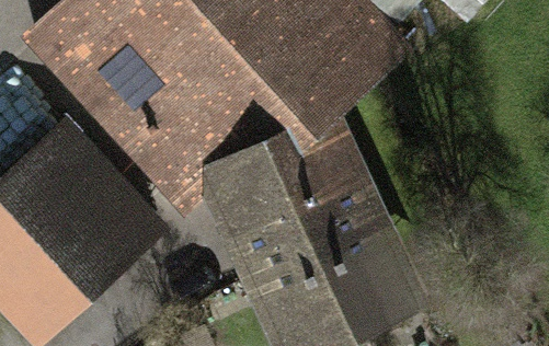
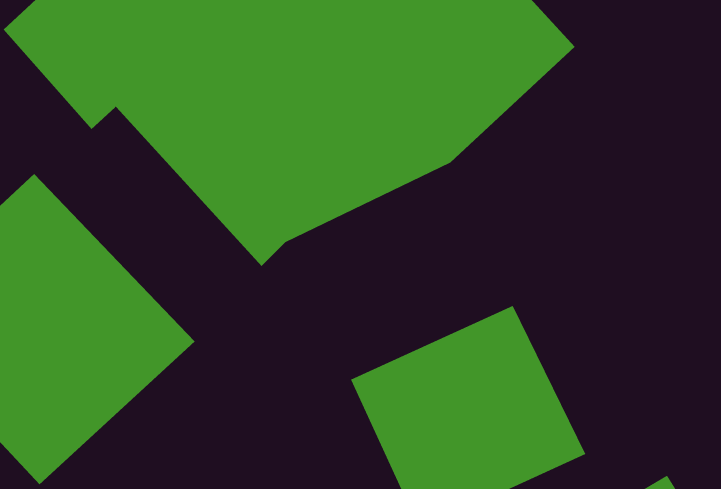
building: [220,116,364,253] -> none

